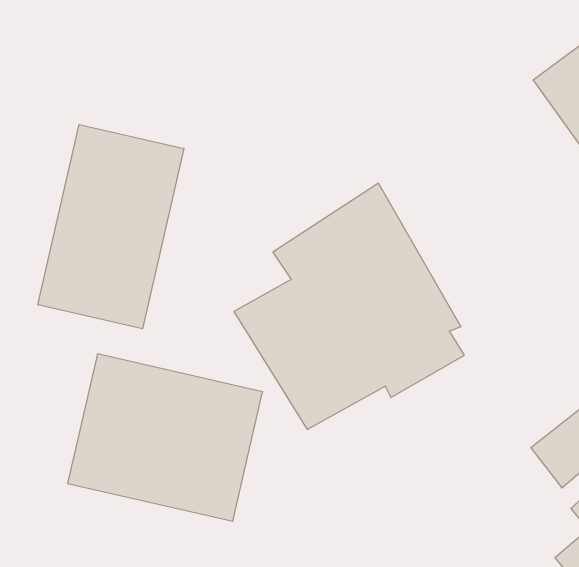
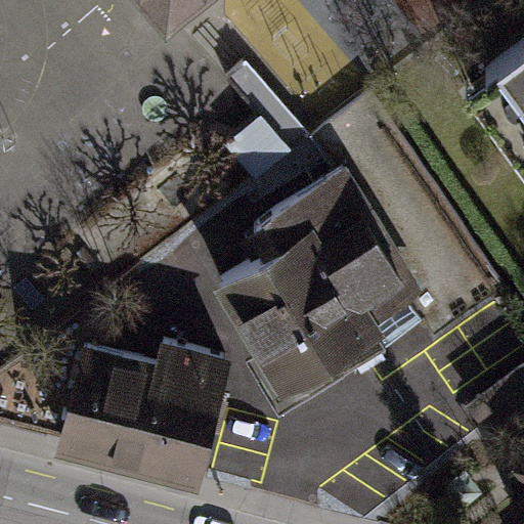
building: [38,125,184,329] -> none

